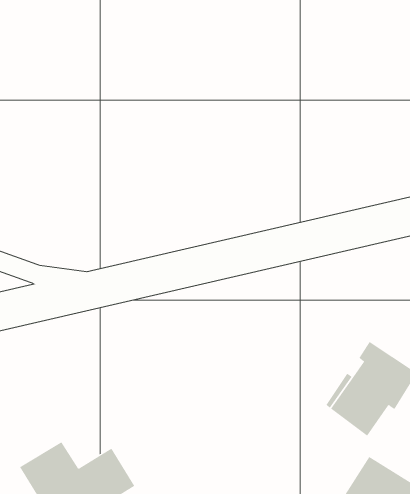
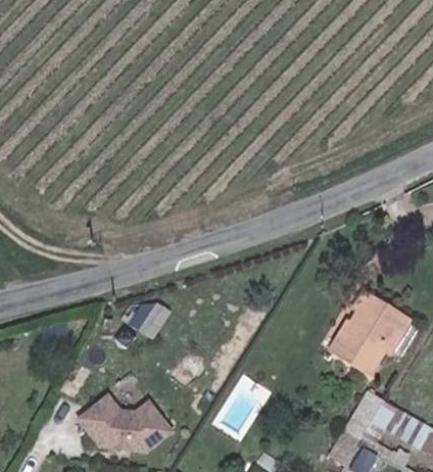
building: none -> [134,301,169,337]

